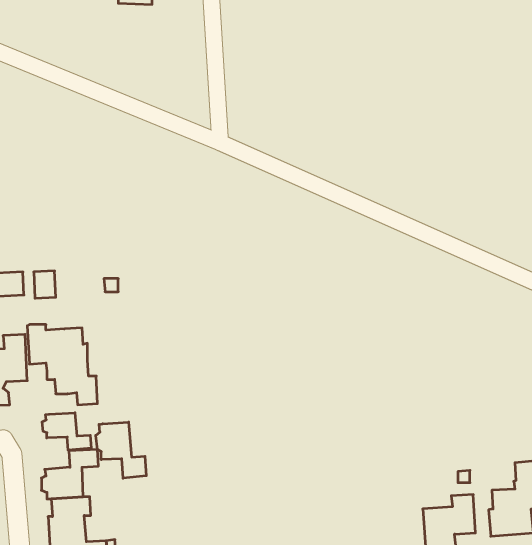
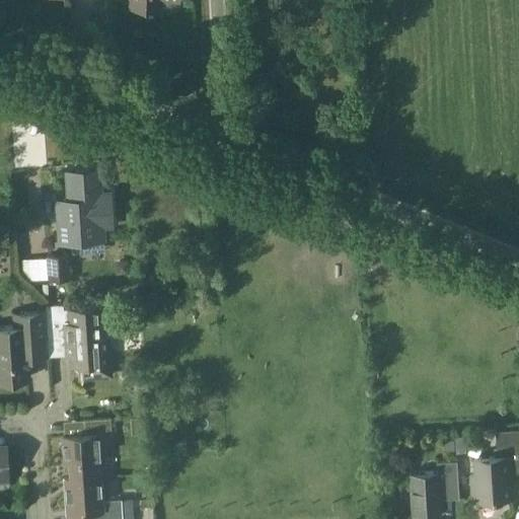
building: none -> [60,172,112,245]
building: [42,413,91,450] -> none
building: [96,422,146,478] -> none

